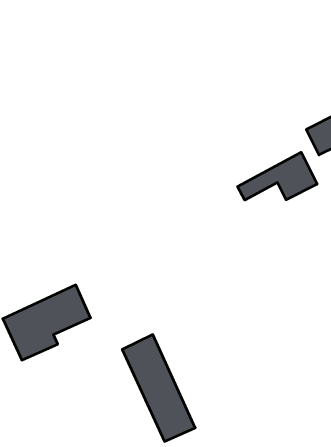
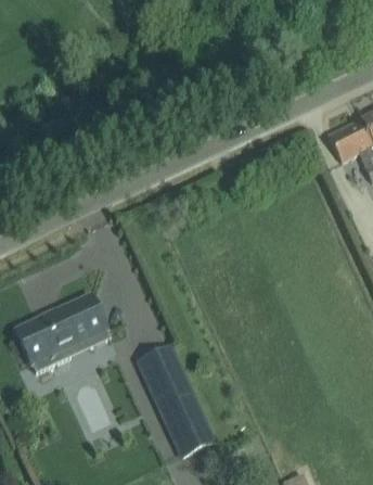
building: [238,152,317,200] -> none

